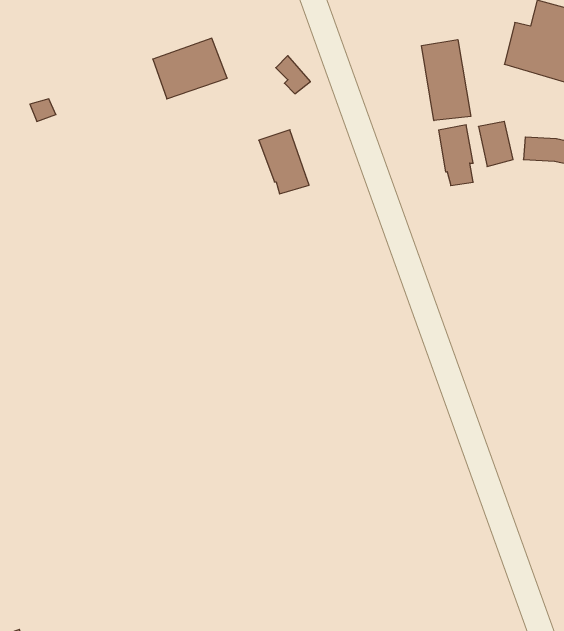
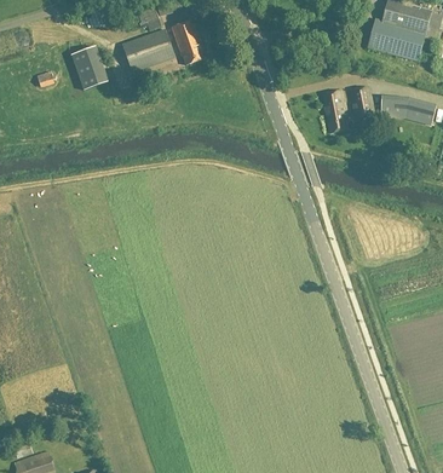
building: [422,40,471,121] -> none
building: none -> [71,46,108,90]
building: [259,130,309,194] -> [169,18,205,63]

